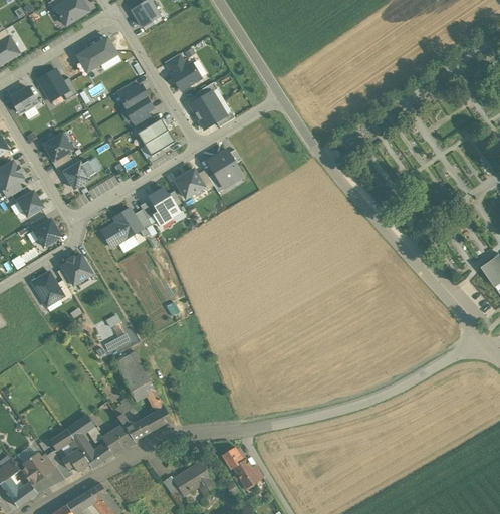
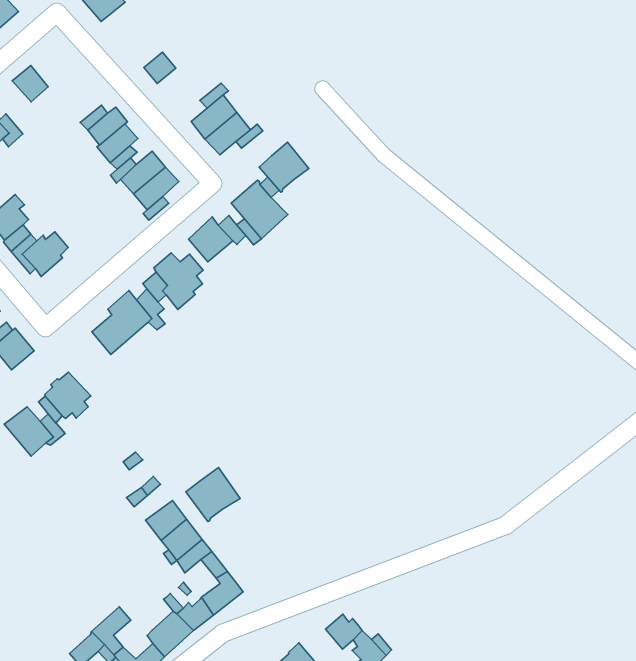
building: [90,38,116,64] -> none
building: [171,63,200,90] -> none
building: none -> [259,142,309,192]
building: none -> [186,467,240,521]

